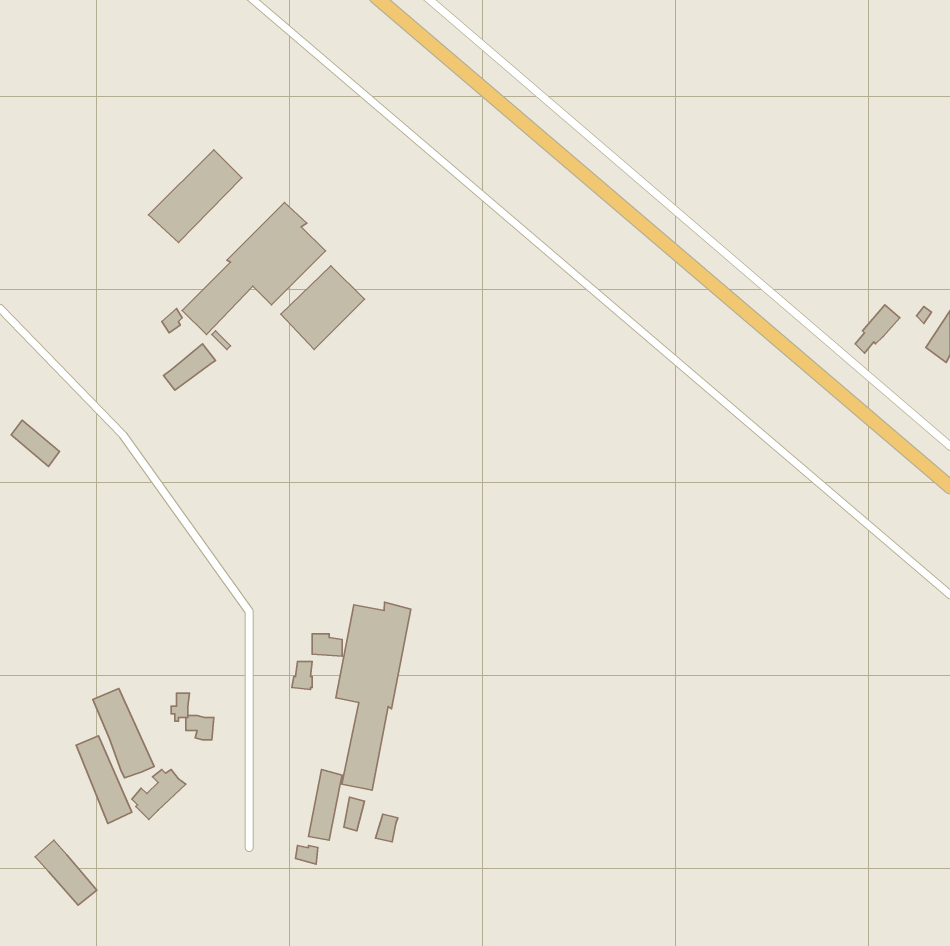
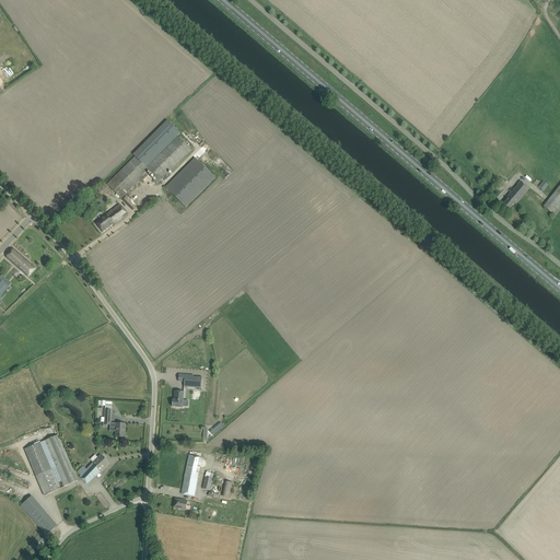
building: [148,150,242,243] -> none
building: [336,602,411,790] -> none
building: [93,689,154,778] -> [25,441,61,493]

